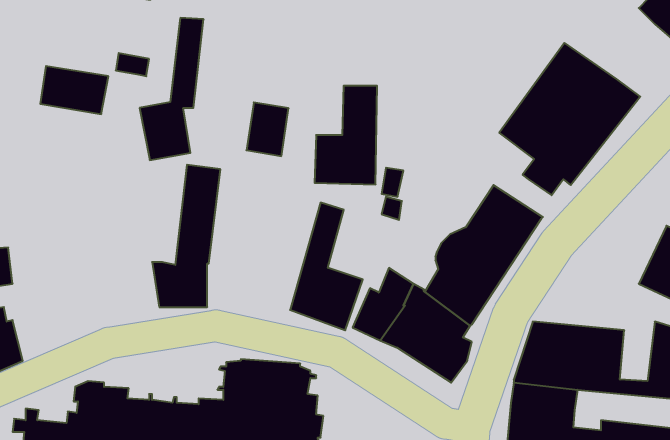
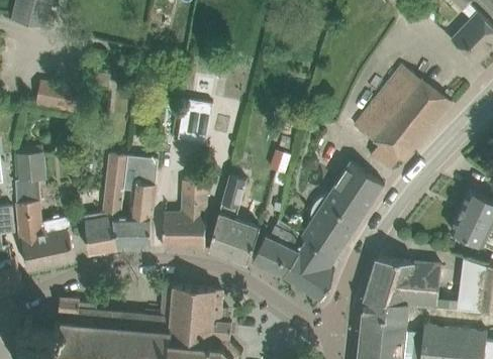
building: [140,18,204,160] -> [82,153,126,252]
building: [315,86,377,184] -> [162,180,205,248]
building: none -> [15,152,75,268]

